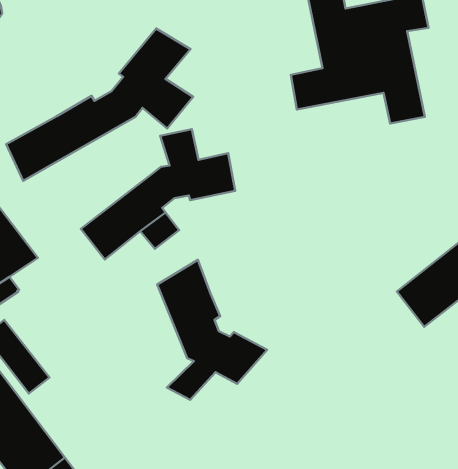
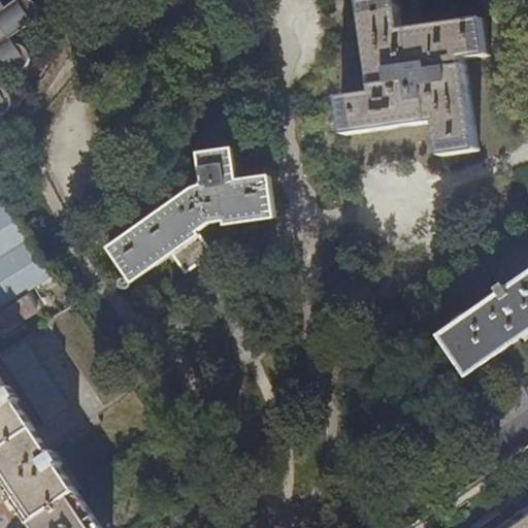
building: [6,28,193,181] -> none
building: [157,260,267,400] -> none

